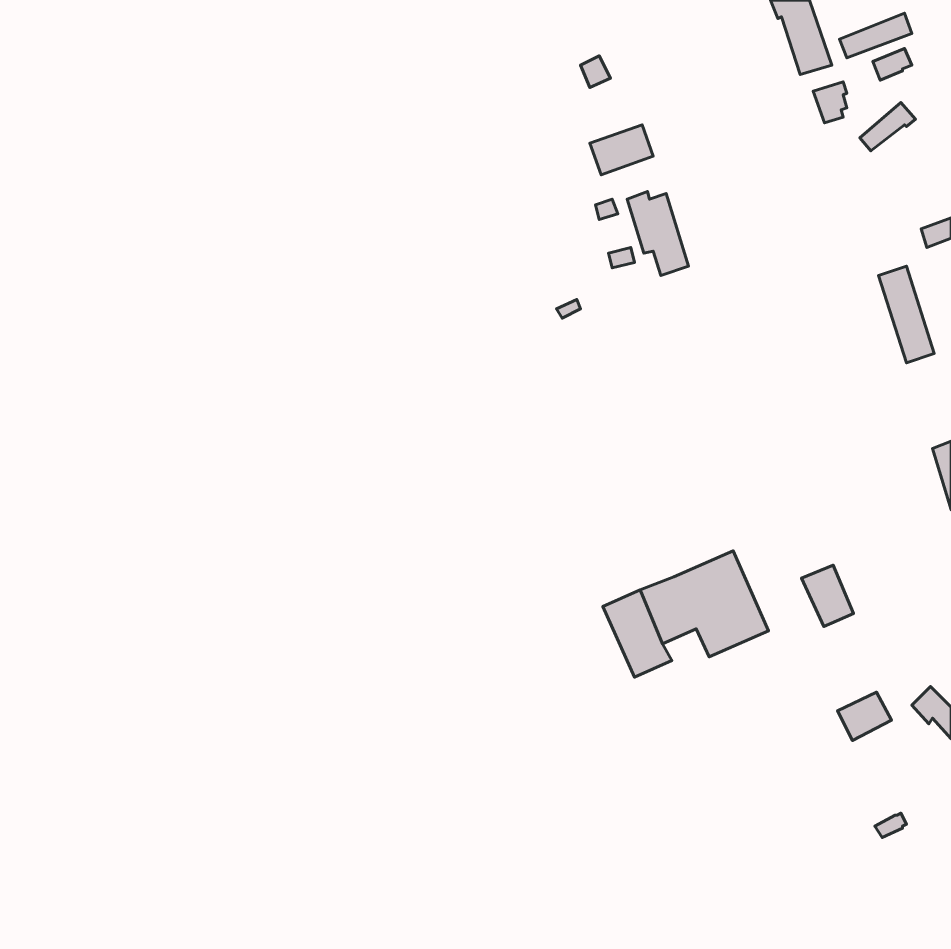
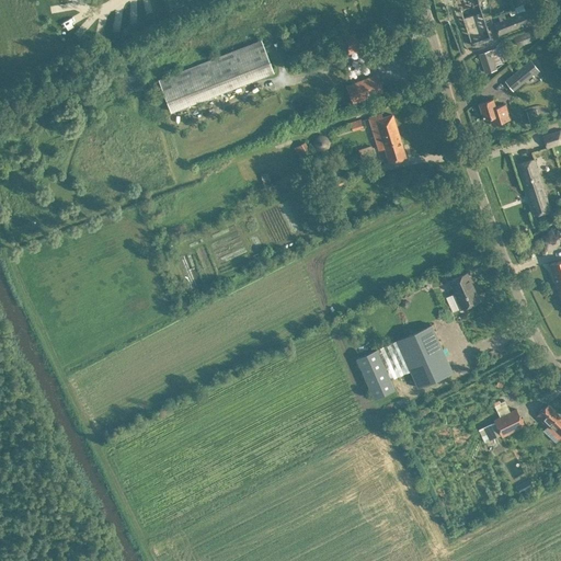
building: none -> [159,41,274,112]
building: none -> [479,100,510,126]
building: [801,565,854,626] -> [448,273,479,309]

